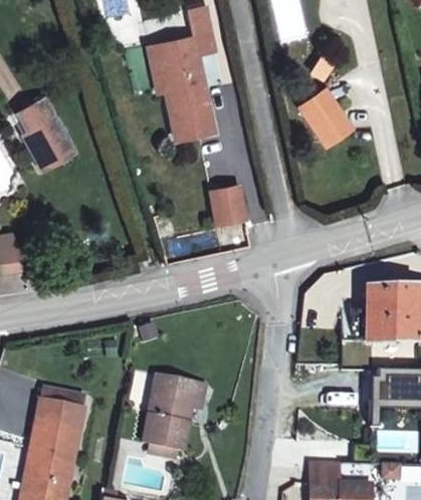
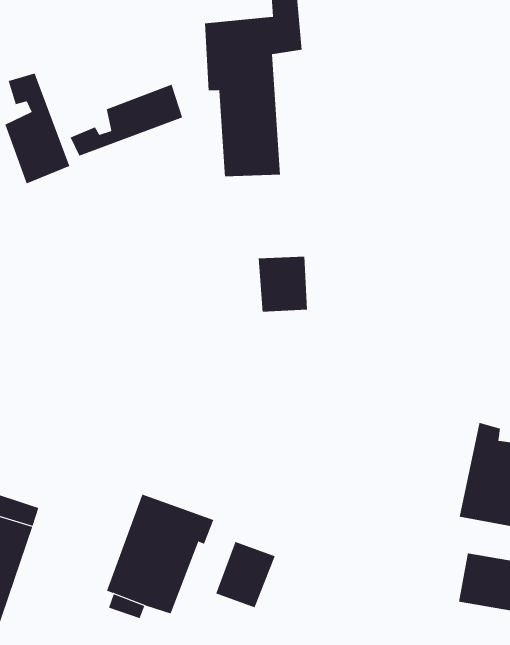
building: none -> [70,84,183,156]
building: [306,100,359,159] -> none
building: none -> [216,541,276,608]

